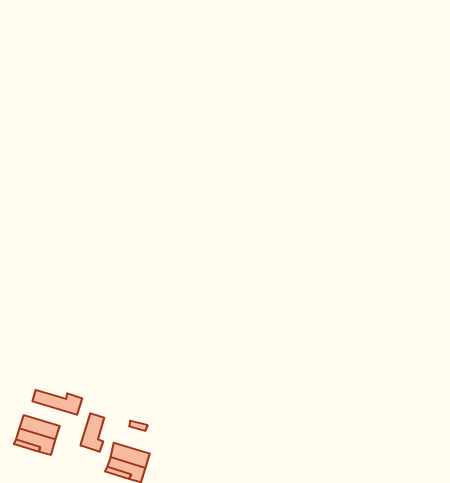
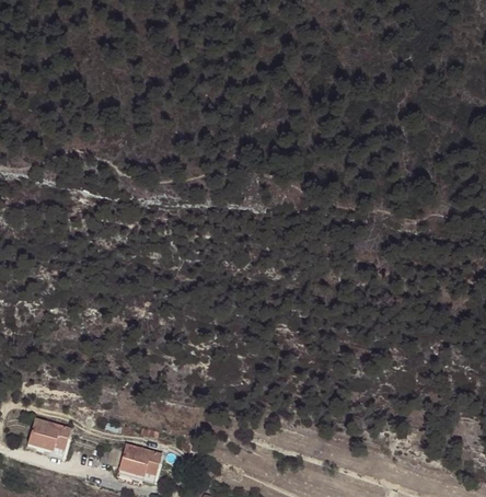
building: [32,390,82,415] -> none
building: [81,413,104,452] -> none

